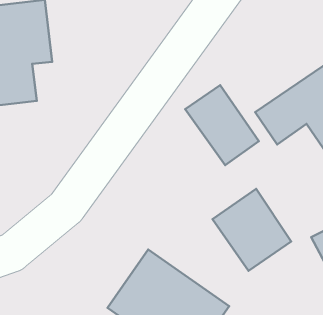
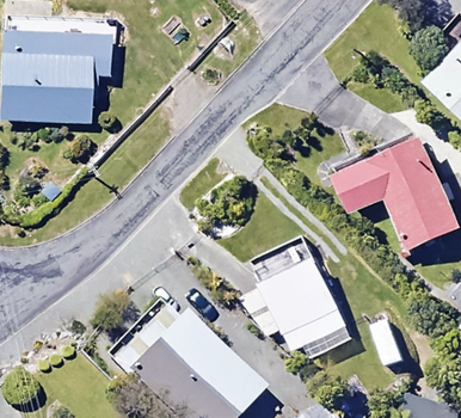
building: [185,85,259,165] -> none

